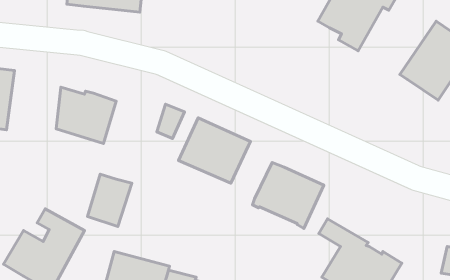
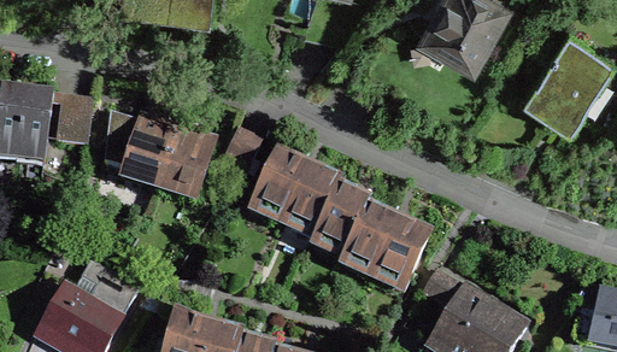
building: none -> [55,104,92,146]
building: none -> [315,183,370,248]
building: [87,174,132,227] -> [161,129,216,193]

